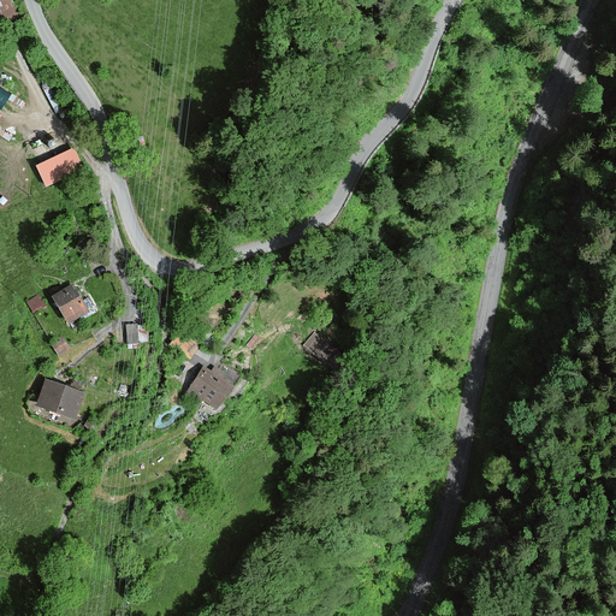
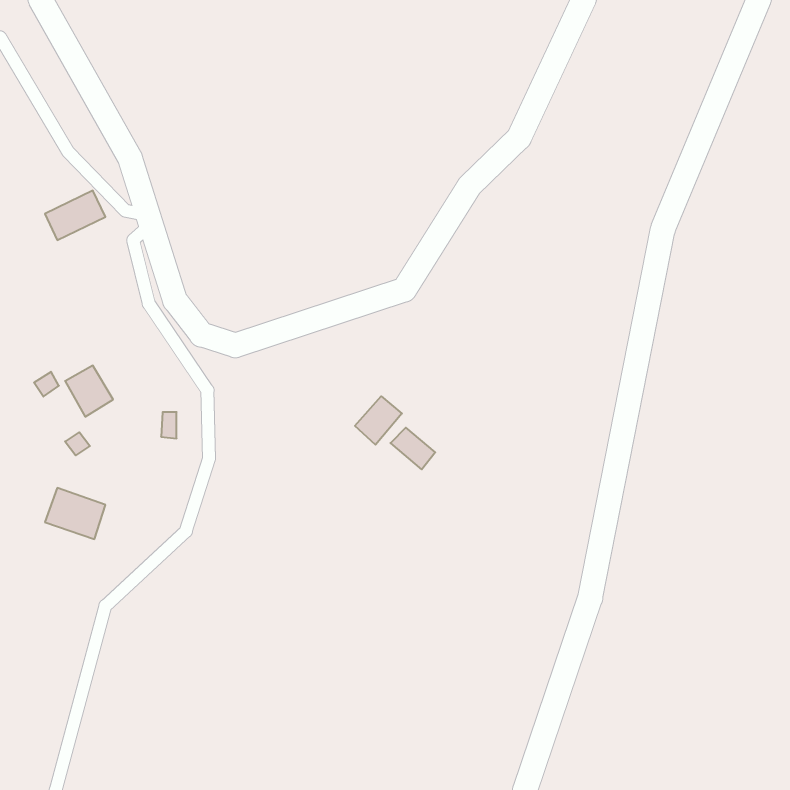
building: none -> [355,396,402,445]
building: [184,366,233,409] -> none

